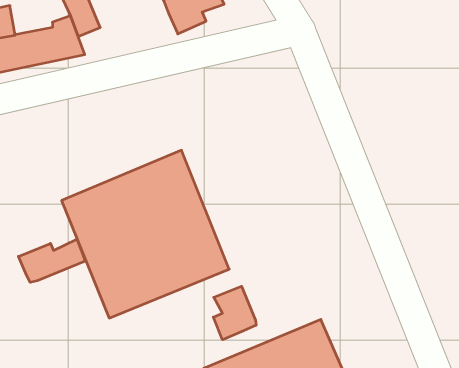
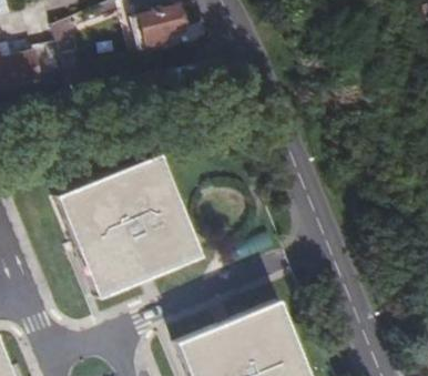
building: [18,239,85,282] -> none
building: [213,286,256,340] -> none

